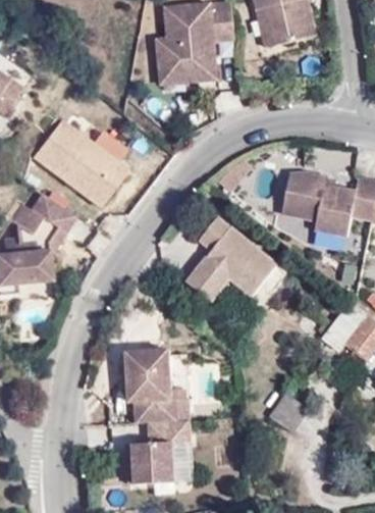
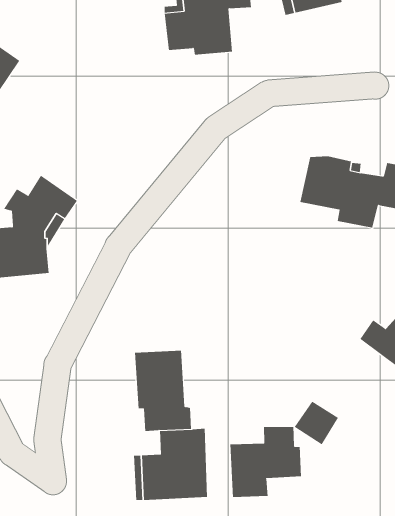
building: [29,121,124,211] -> none
building: [188,216,280,302] -> none
building: none -> [230,426,301,498]

